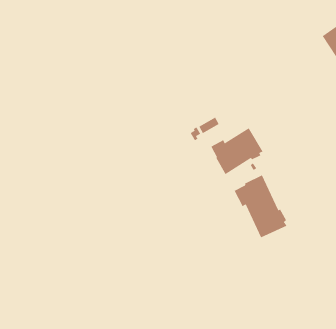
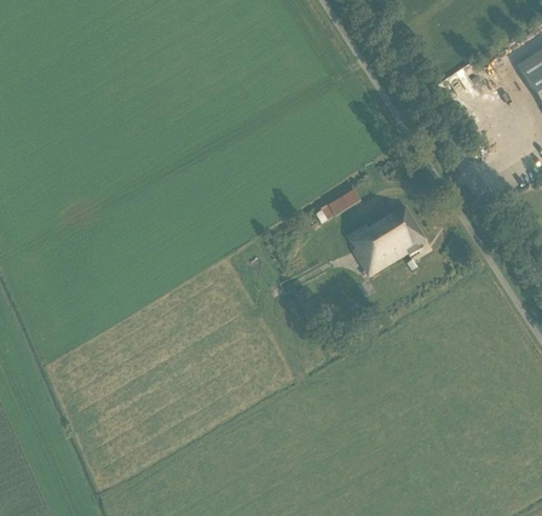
building: [234,175,287,238] -> none

